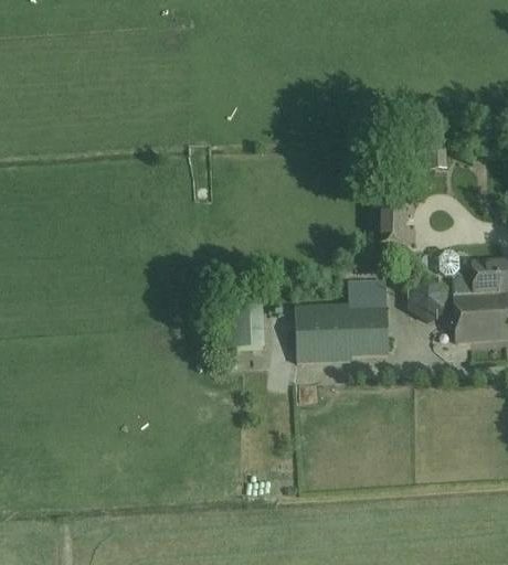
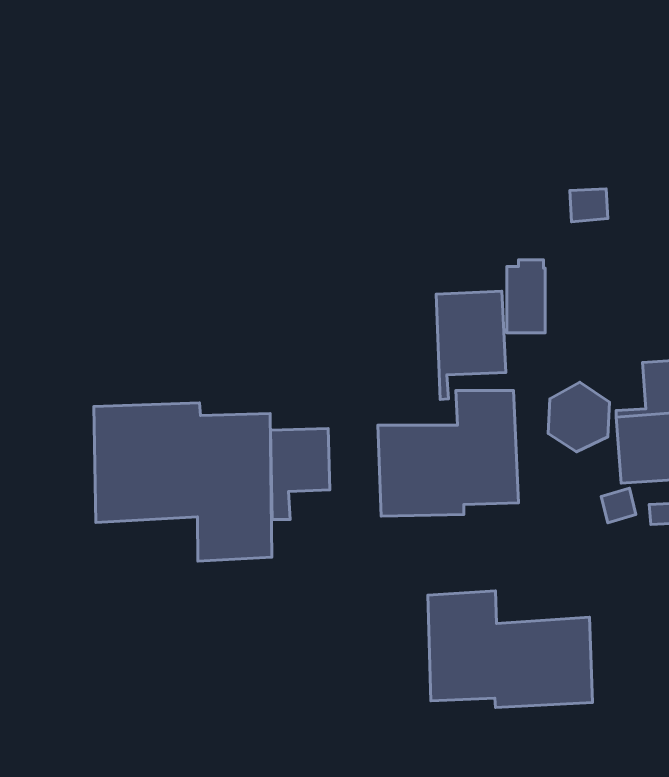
building: none -> [436,291,506,399]
building: none -> [94,403,272,561]
building: none -> [428,591,592,707]

